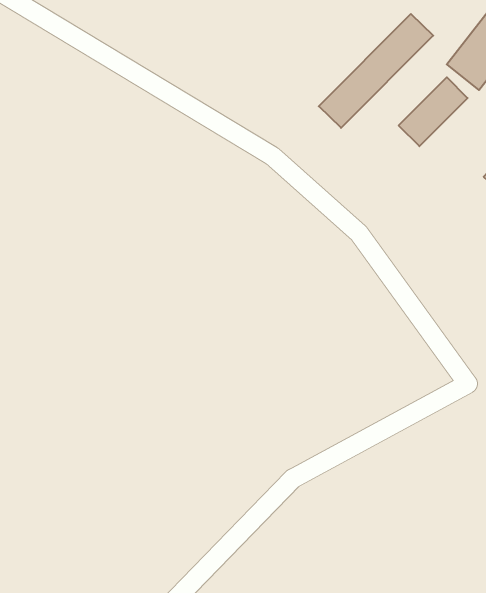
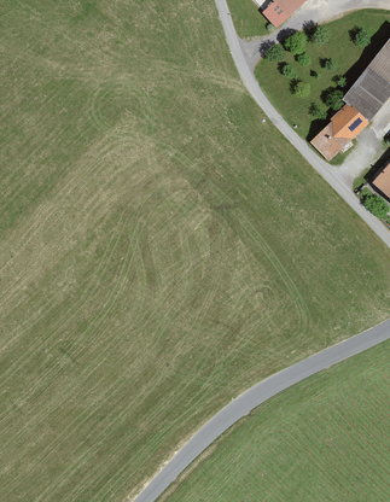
building: [319,14,433,128] -> none

